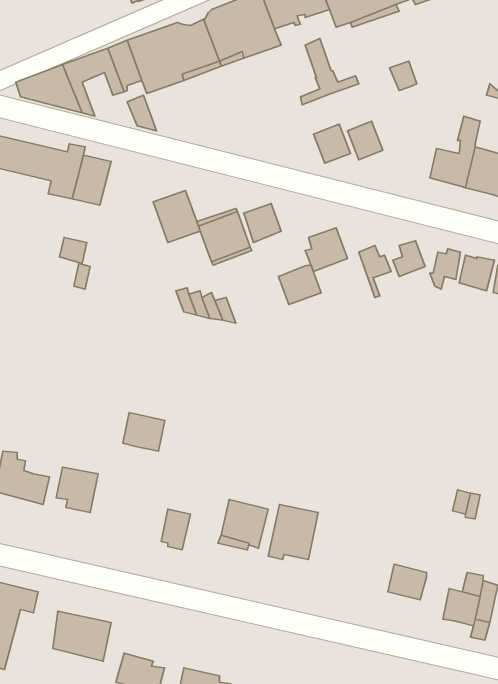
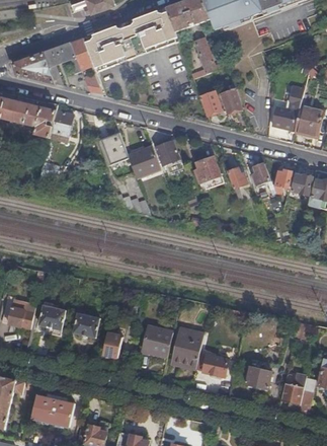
building: [279,265,321,304] -> none
building: [123,412,165,451] -> [73,312,99,337]
building: none -> [202,353,229,376]

